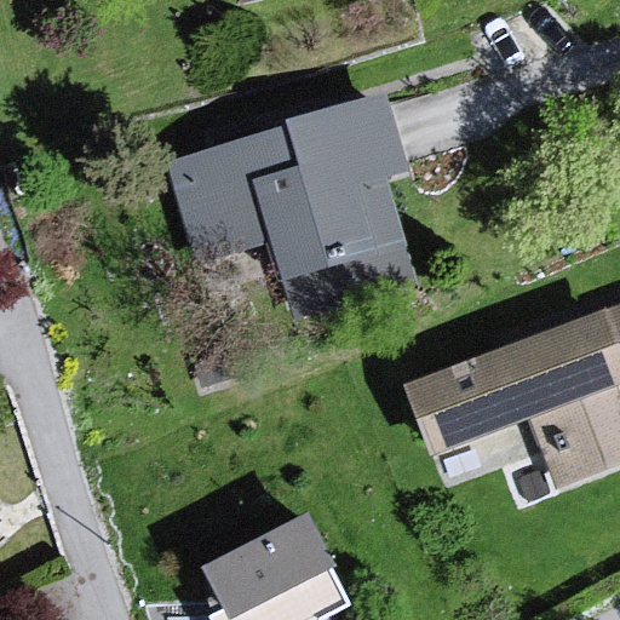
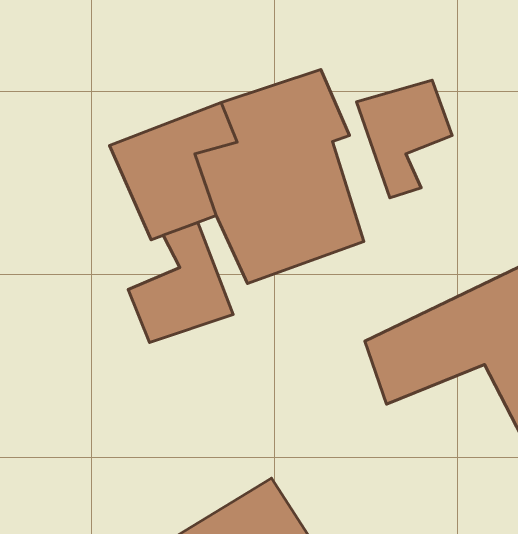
building: none -> [357,80,452,198]
building: none -> [128,223,233,343]

